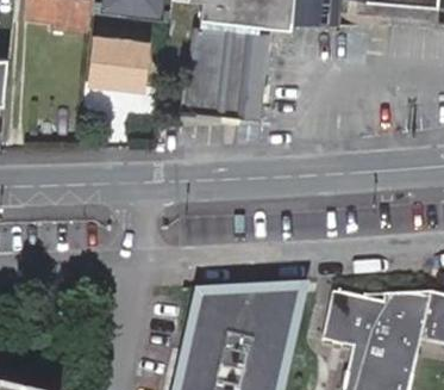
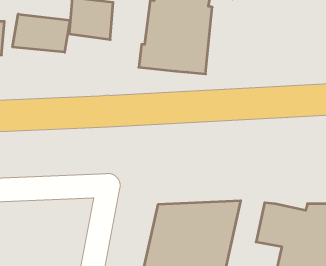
building: none -> [13,14,70,52]

